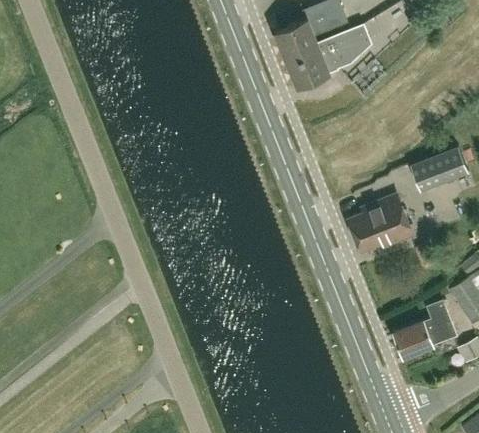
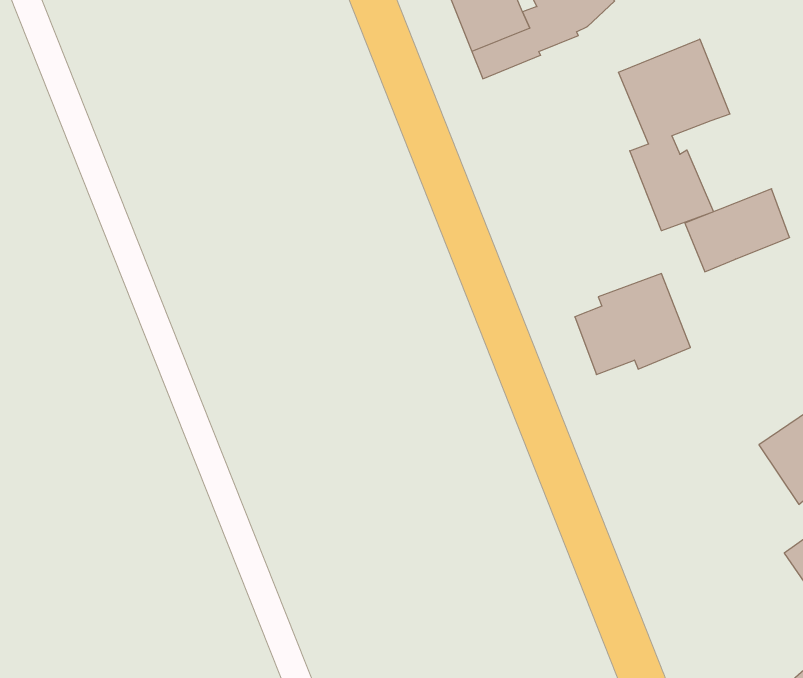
building: none -> [619,39,730,231]
building: [394,300,460,358] -> none

